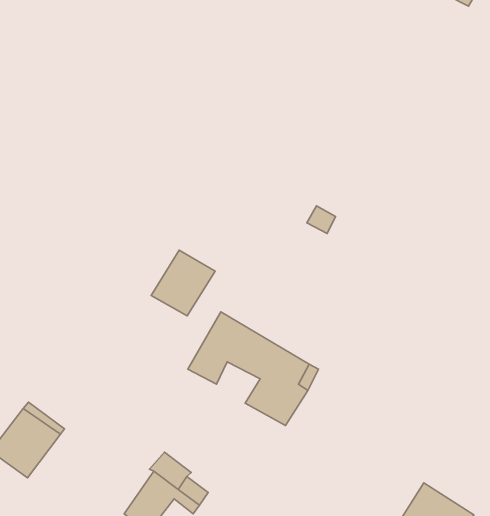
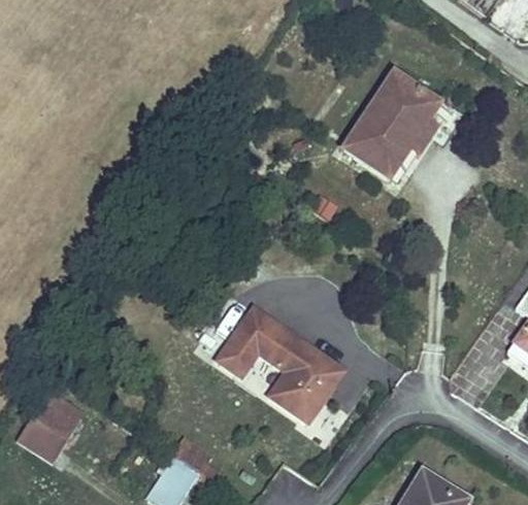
building: none -> [345,68,439,177]
building: [151,250,215,316] -> none

